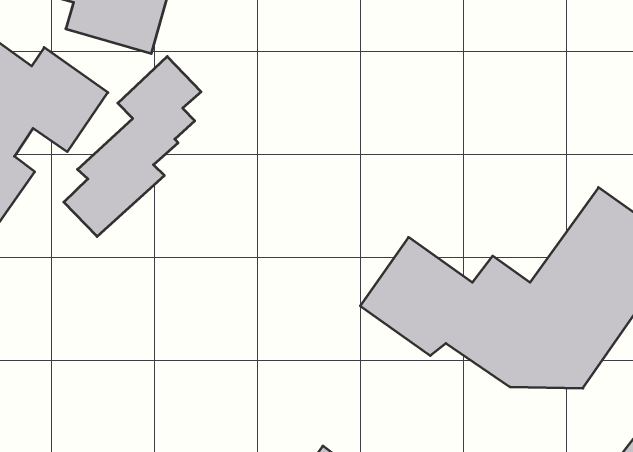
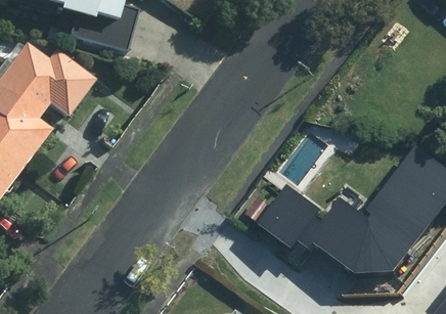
building: [64,56,201,237] -> none

